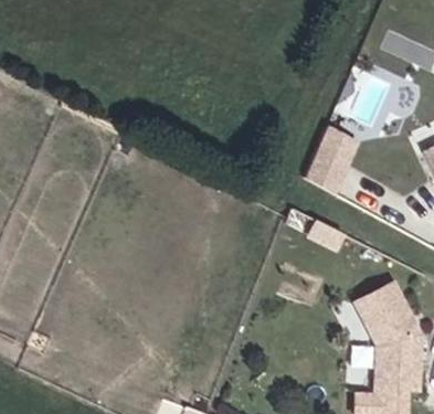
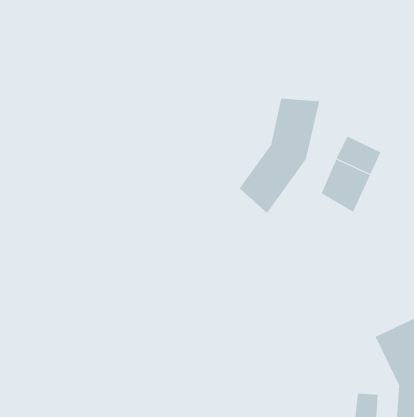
building: none -> [239,98,320,214]

